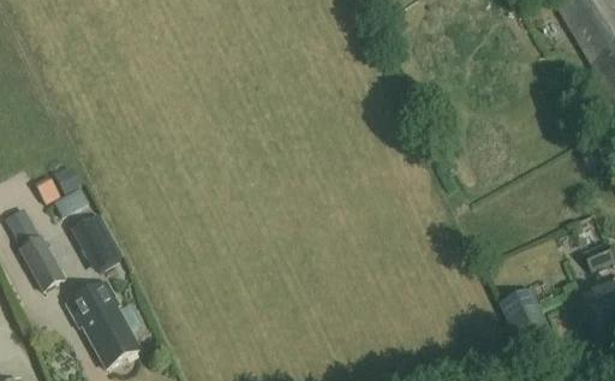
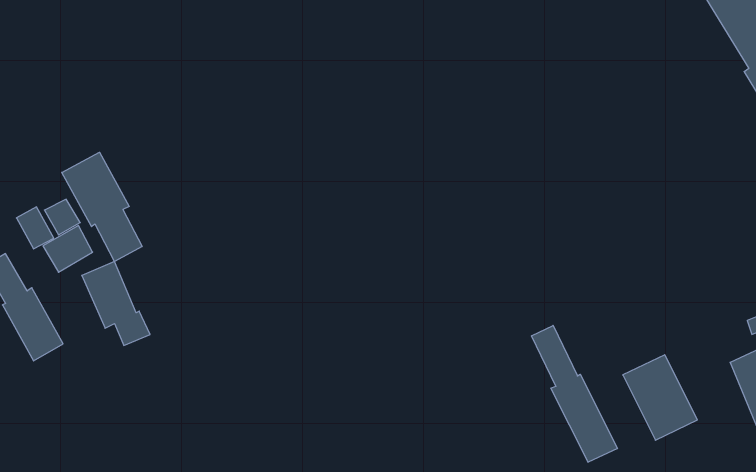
building: none -> [62,152,142,261]
building: none -> [532,325,617,462]
building: [66,280,137,365] -> none

